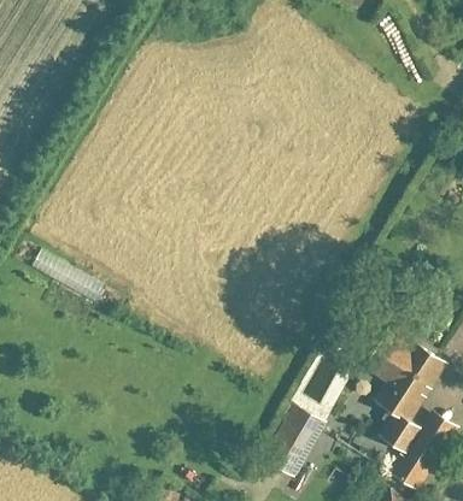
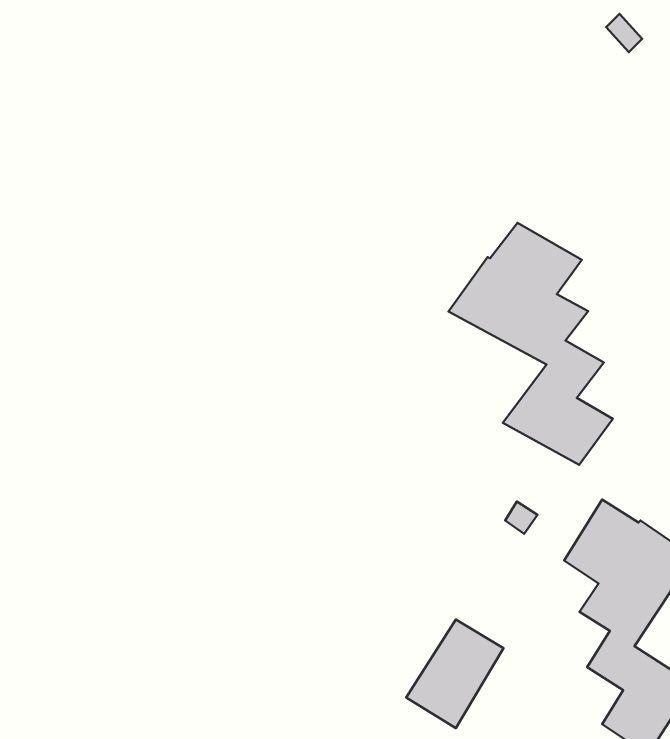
building: none -> [449,223,613,465]

